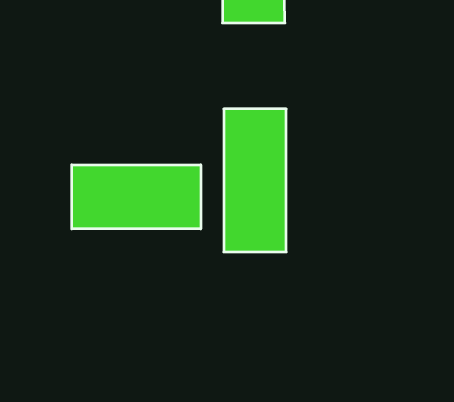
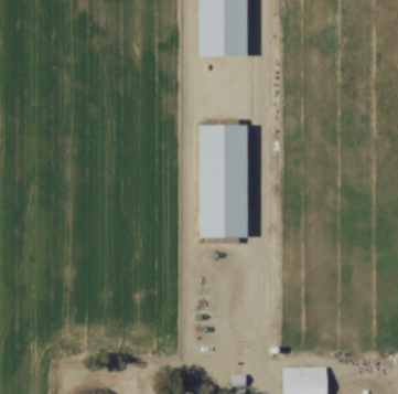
building: [72,165,201,229] -> none

